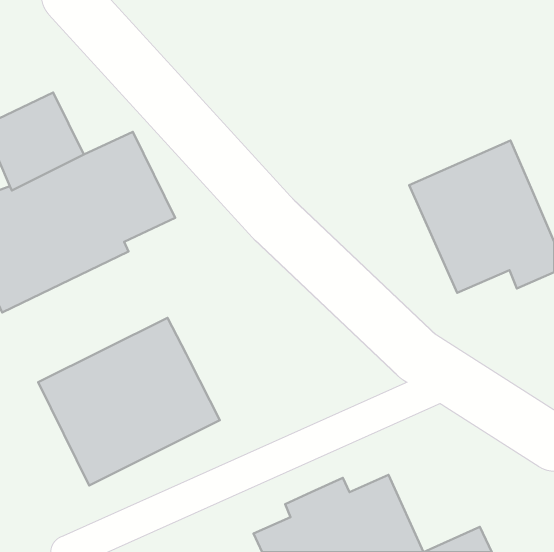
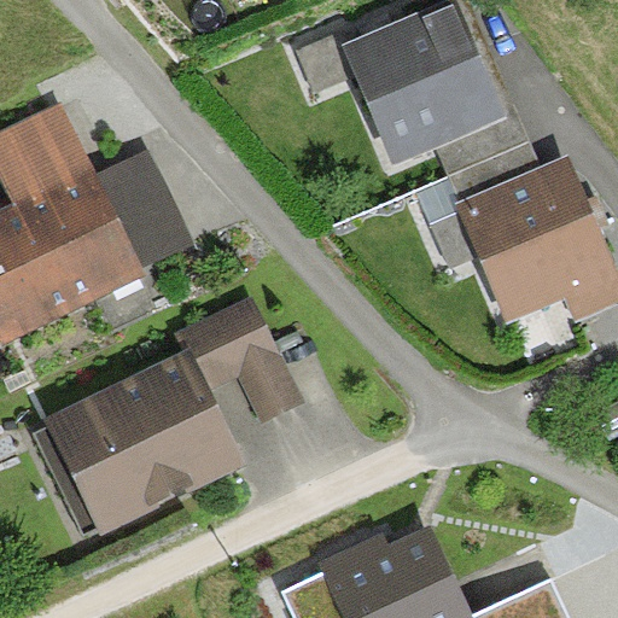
building: none -> [339,8,503,170]
building: none -> [175,295,304,422]

